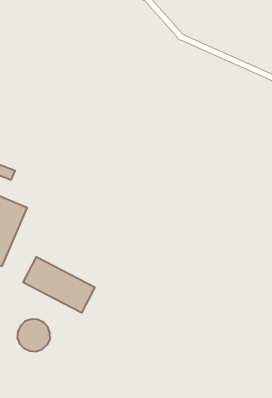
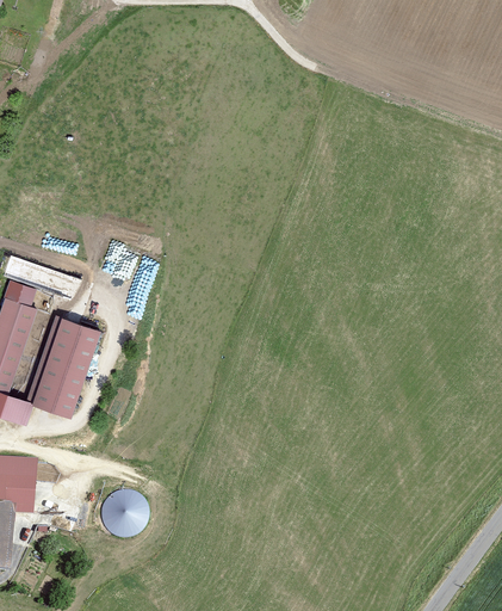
building: [23,257,95,313] -> none

